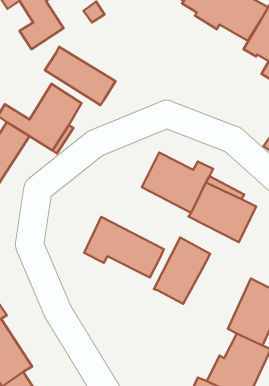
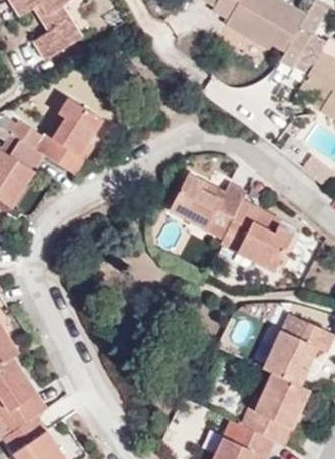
building: [45,47,115,105] -> none
building: [84,217,164,278] -> none
building: [154,238,210,304] -> none

